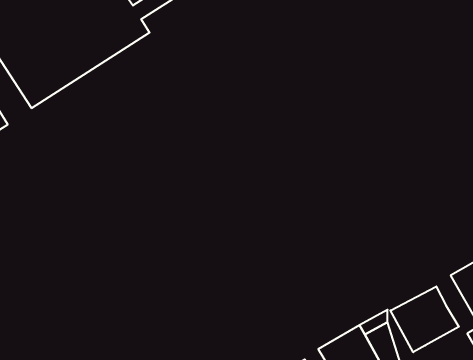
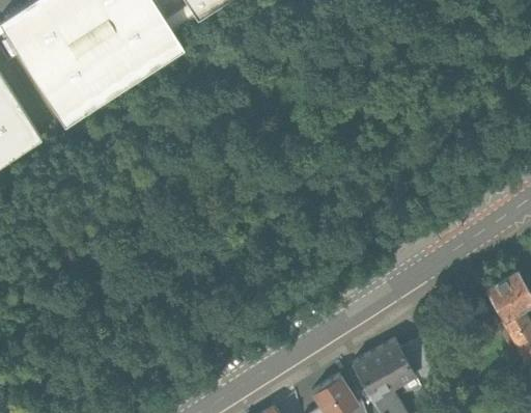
building: [390,286,459,352] -> none

